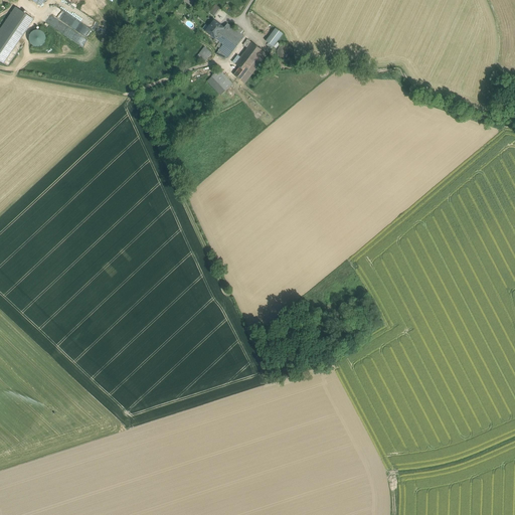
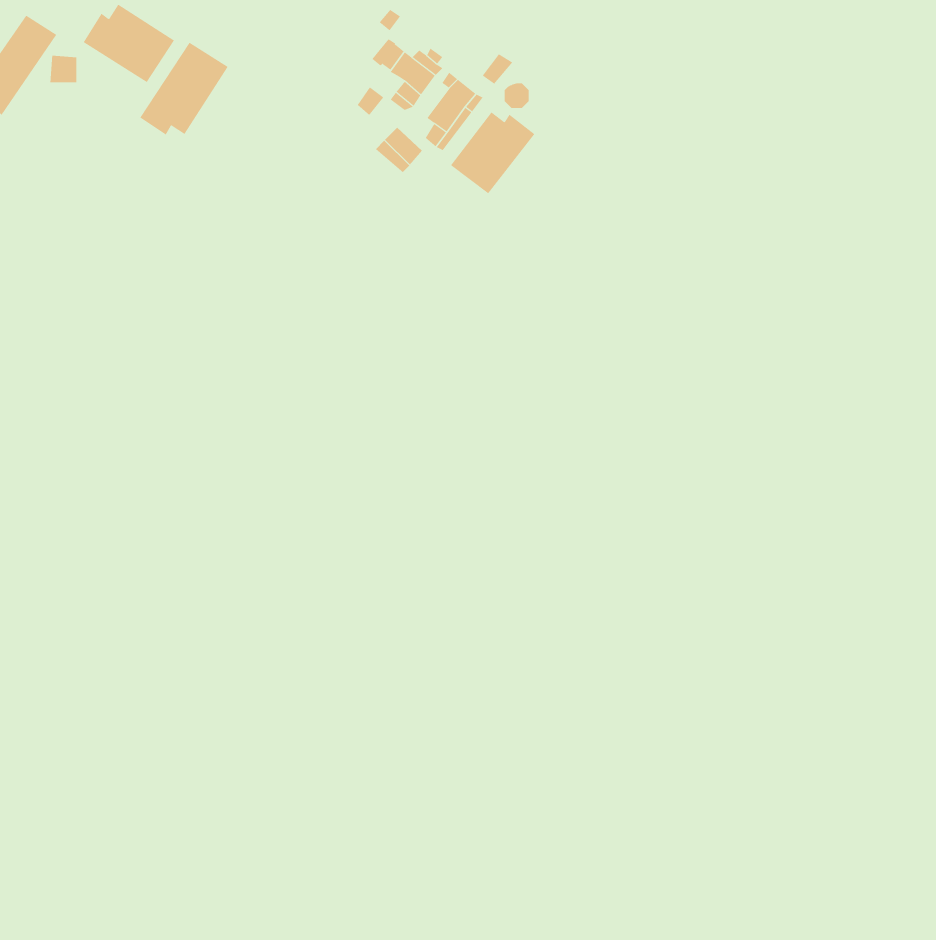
building: none -> [139,42,229,136]
building: none -> [450,111,535,194]

